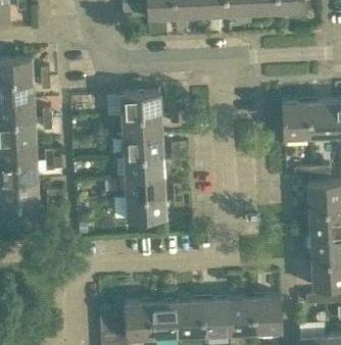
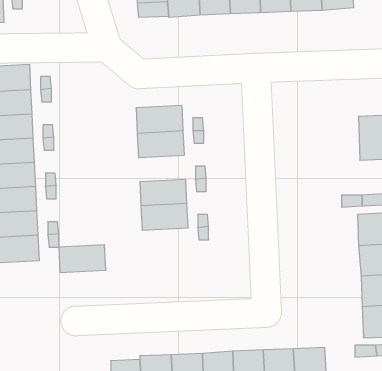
building: [282,102,309,140] -> none
building: [123,135,162,157] -> none
building: [126,196,165,219] -> [59,245,106,272]

